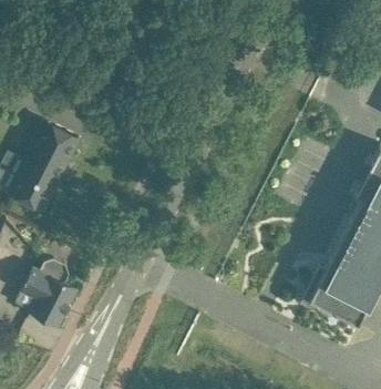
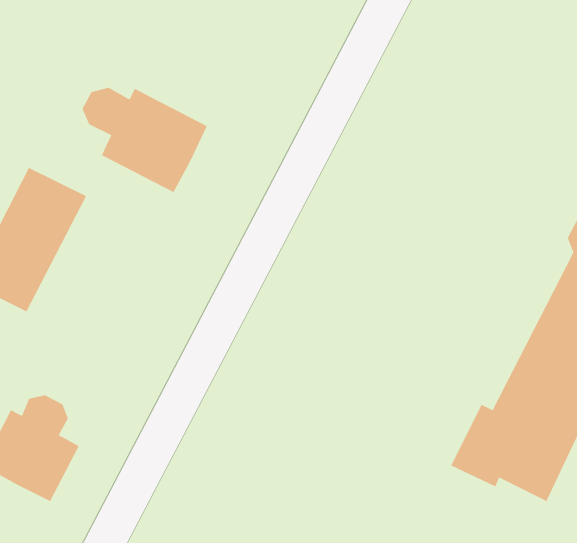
building: none -> [81,87,208,193]

